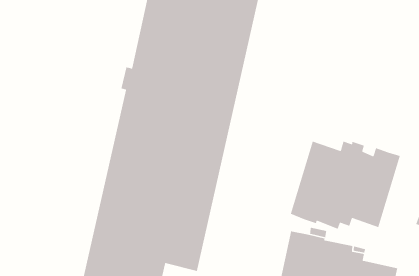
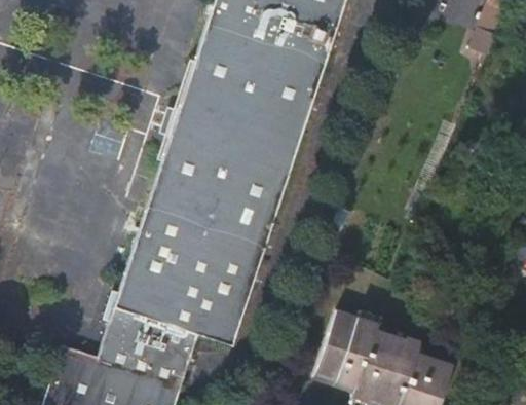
building: [290,140,401,230] -> none

